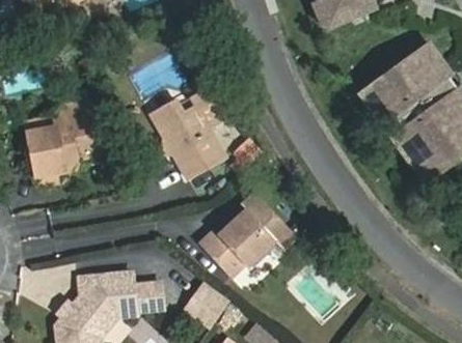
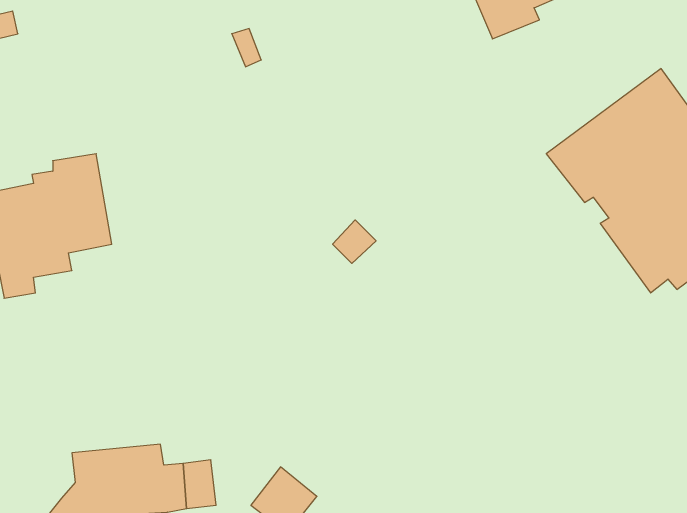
building: [150,88,226,178] -> none
building: [198,191,296,276] -> none

